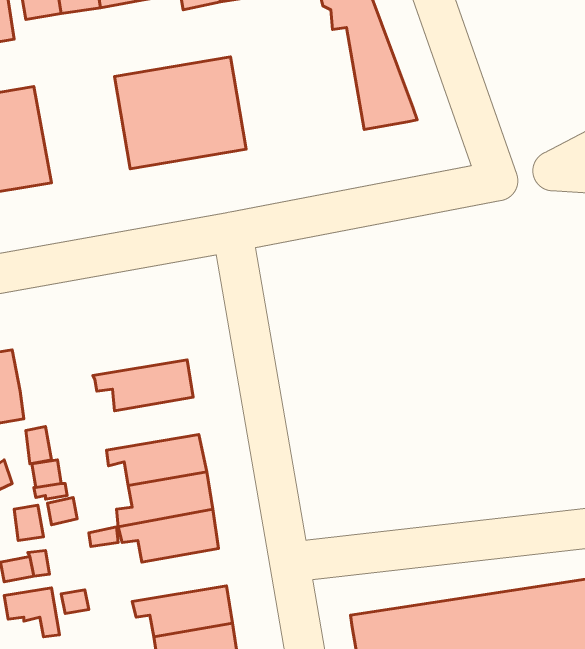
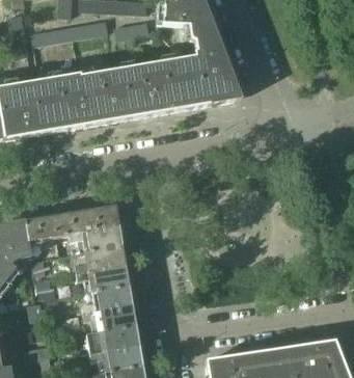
building: none -> [143,49,214,113]
building: none -> [39,73,90,131]
building: none -> [28,204,120,241]
building: none -> [77,244,127,272]
building: none -> [88,324,141,352]

